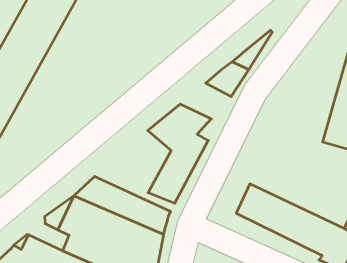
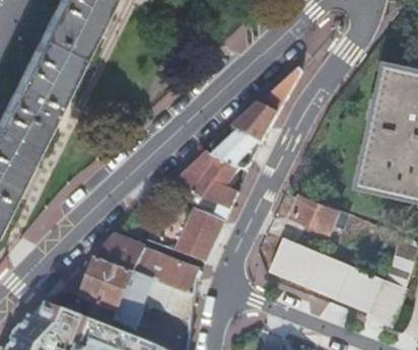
building: none -> [204,132,259,173]
building: none -> [290,194,347,231]

